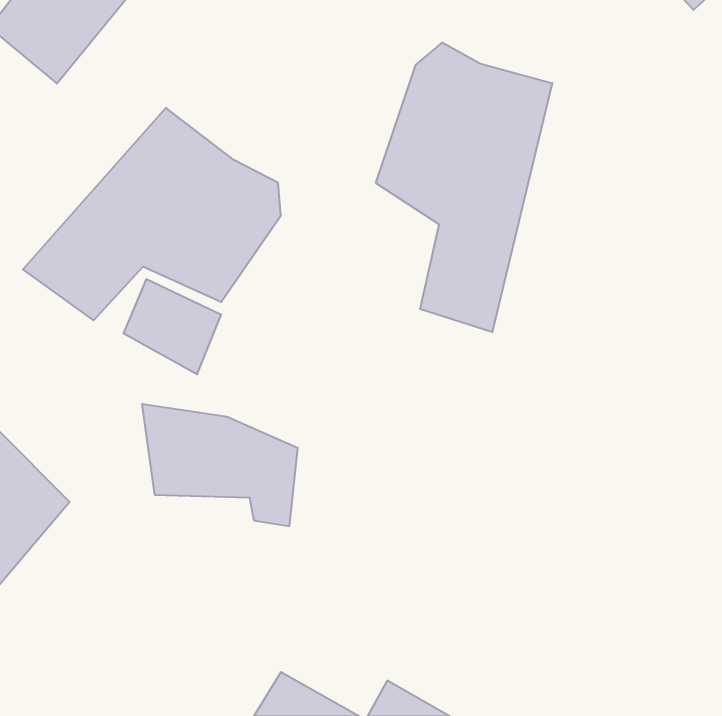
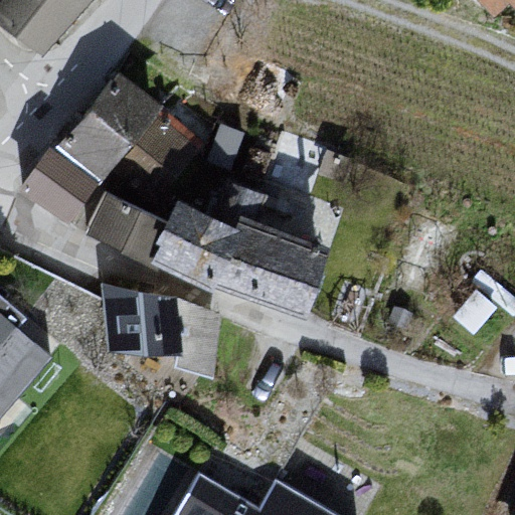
building: [376,42,552,332] -> none
building: none -> [151,183,326,316]

